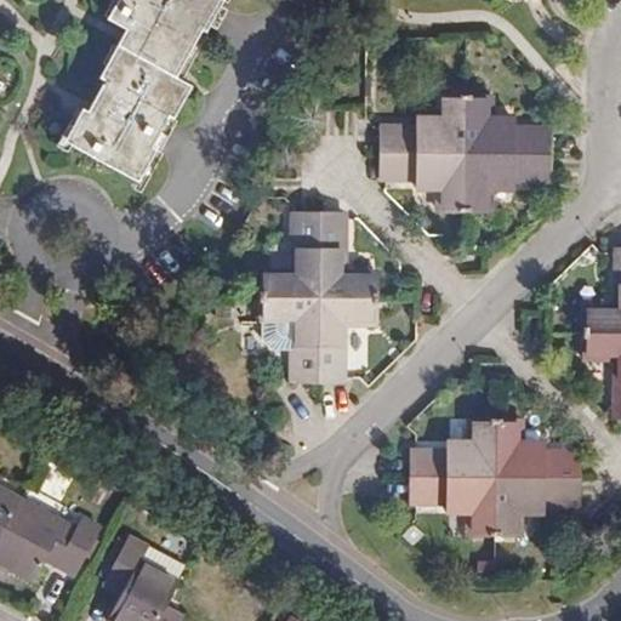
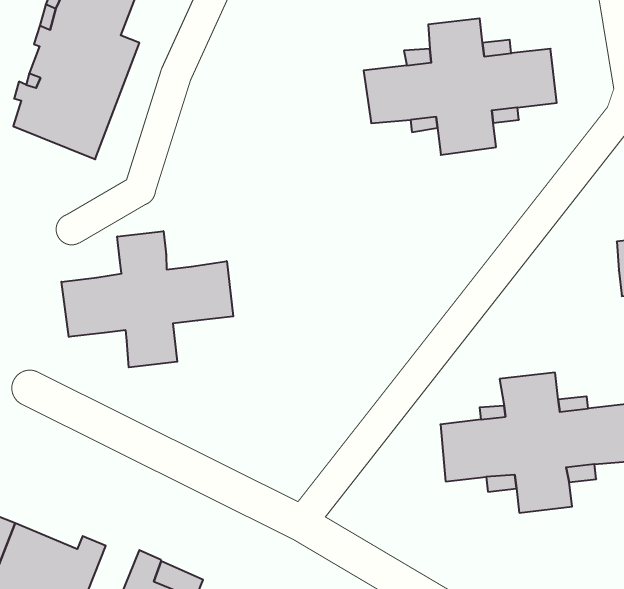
building: [261,213,376,384] -> none
building: none -> [61,231,233,367]

